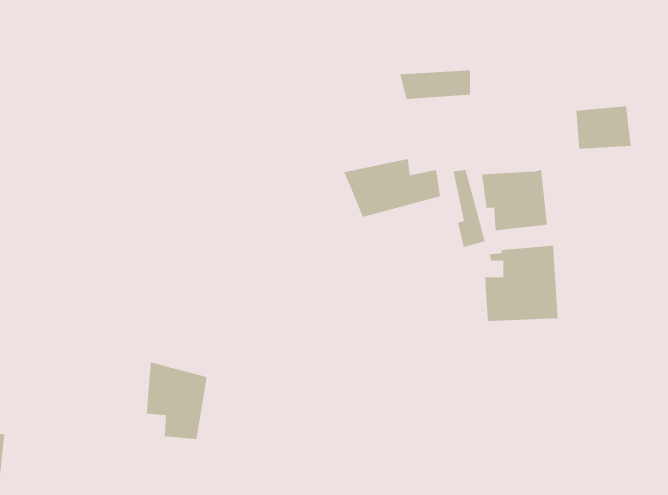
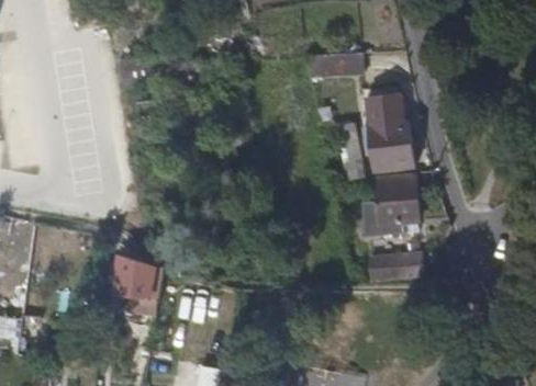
building: [576,106,632,149] -> [361,94,402,126]
building: [343,158,441,218] -> none
building: none -> [378,249,422,273]

